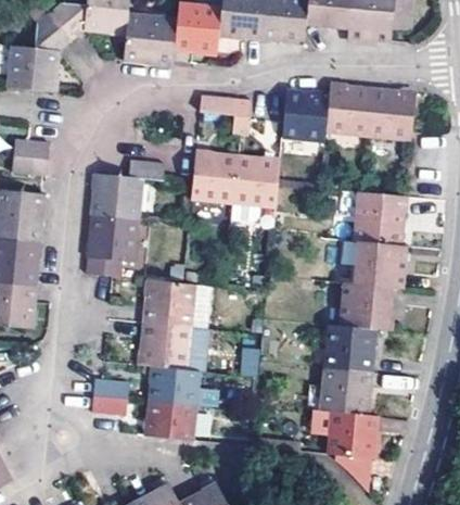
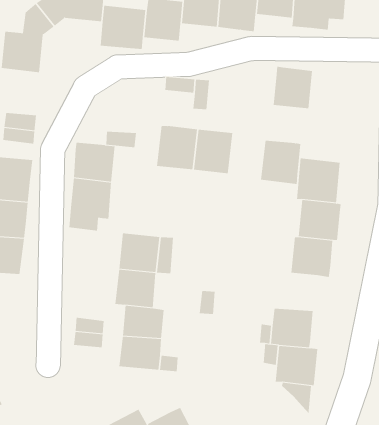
building: [281,89,329,141] -> [260,140,301,185]
building: [368,89,417,138] -> none
building: [327,325,378,370] -> none

